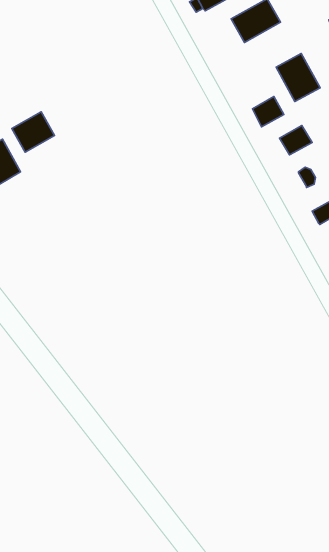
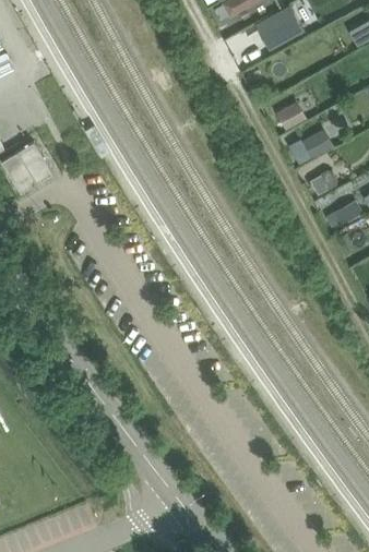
building: [276,53,320,101] -> none
building: [12,112,54,152] -> none

